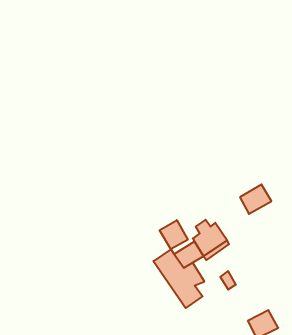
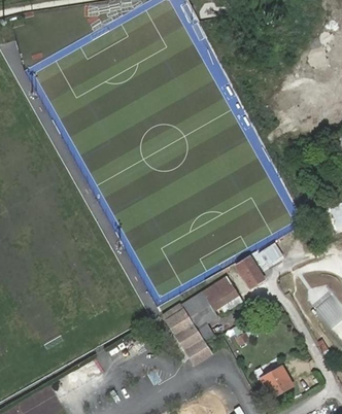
building: none -> [237,253,264,286]
building: [160,220,188,249] -> none

